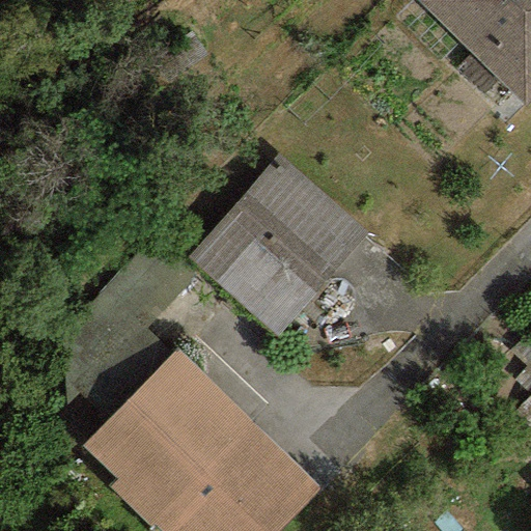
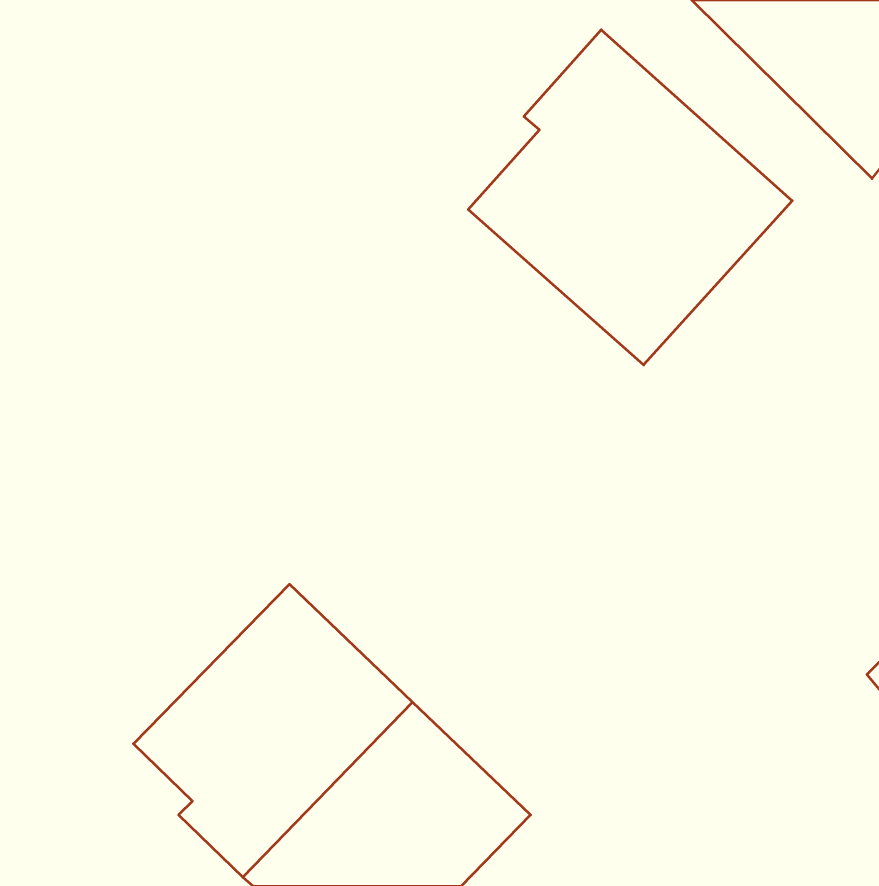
building: none -> [468,30,792,365]
building: [189,155,371,338] -> none

